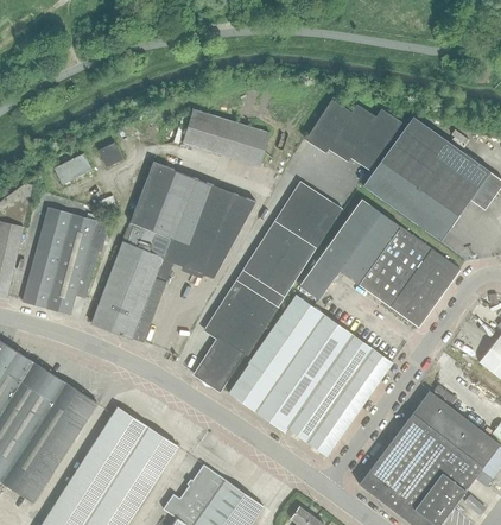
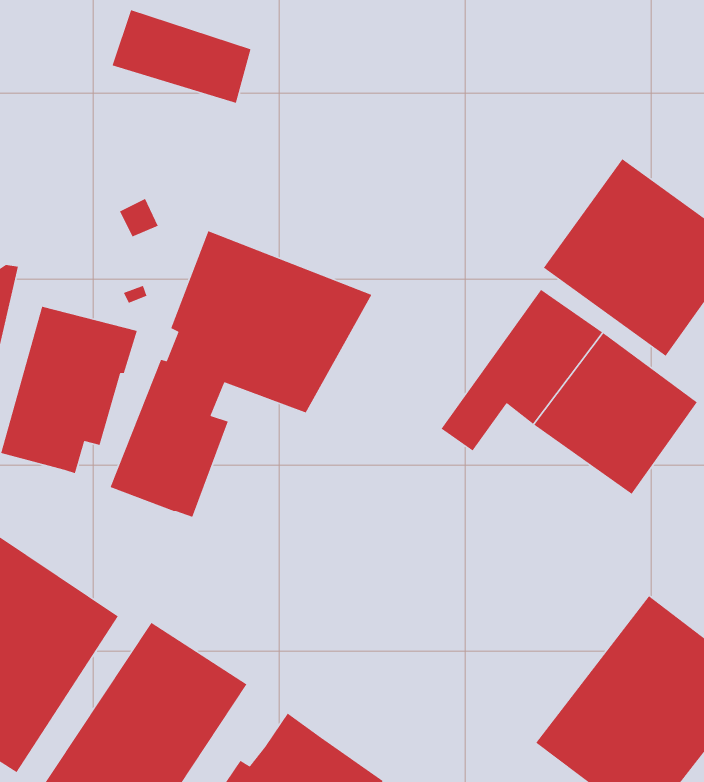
building: [305,100,401,170] -> none
building: [180,108,268,167] -> [112,9,252,104]
building: [53,153,91,189] -> none
building: [195,182,342,390] -> none
building: [227,295,392,456] -> none

